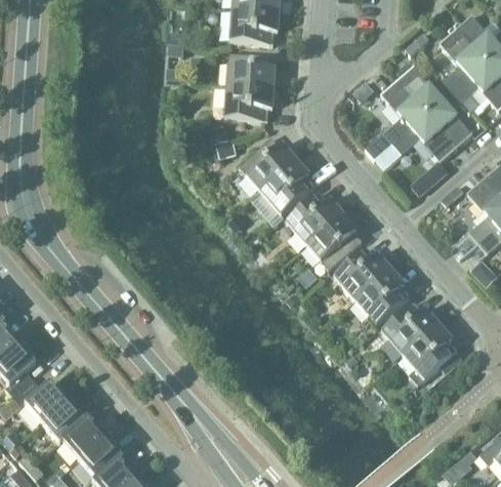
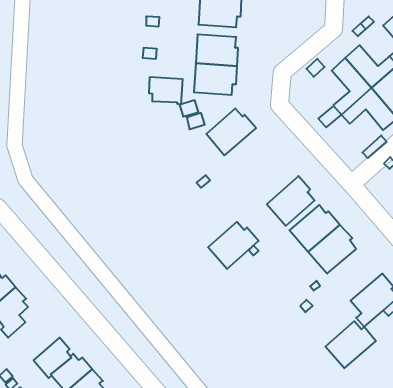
building: none -> [149,77,182,104]
building: [259,159,314,214] -> none
building: [286,192,343,245] -> [208,222,259,269]
building: [381,301,439,355] -> [325,321,376,368]
building: [13,379,72,422] -> none

